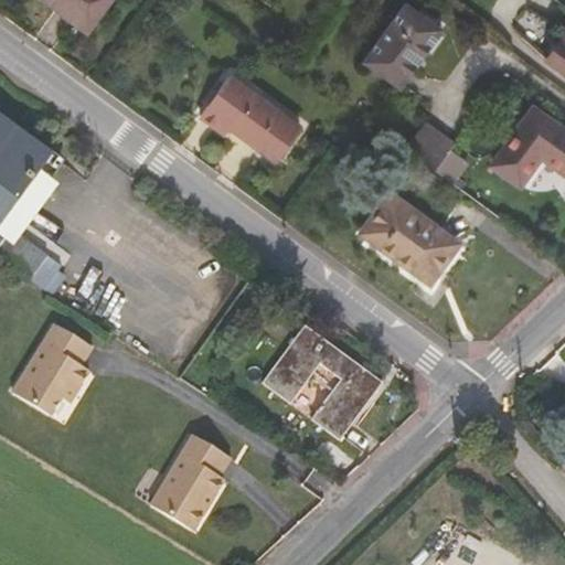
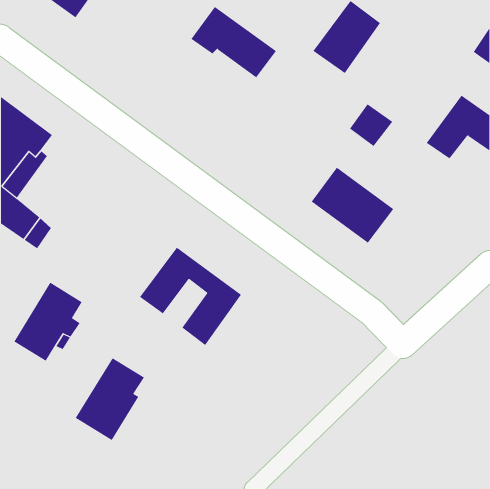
building: [199,76,298,159] -> [190,6,277,78]
building: [265,327,383,440] -> [139,247,242,346]
building: [149,435,230,531] -> [75,357,145,441]

